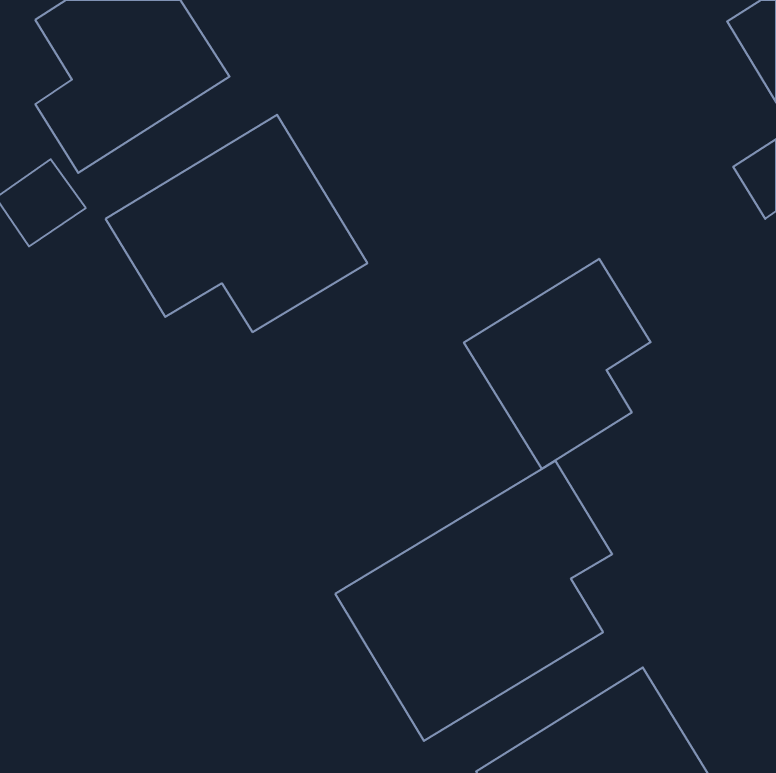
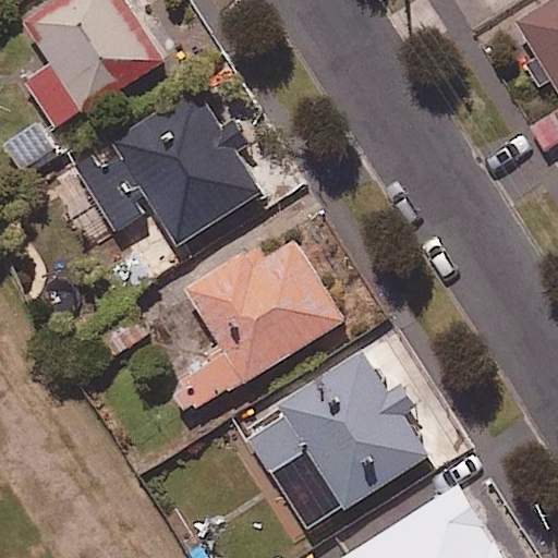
building: [464,259,651,469] -> none
building: none -> [180,226,343,409]

